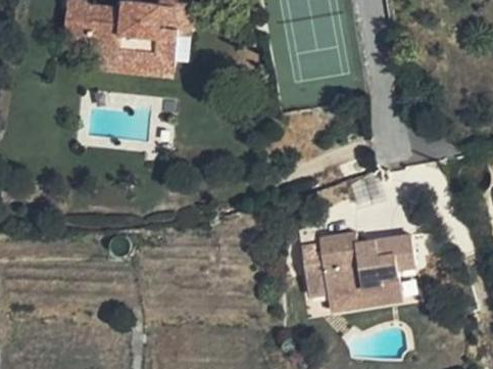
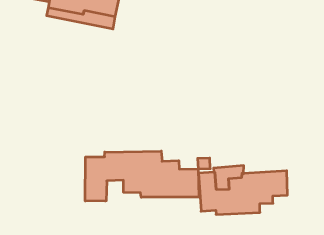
building: none -> [85,151,199,201]
building: [329,275,403,310] -> none

